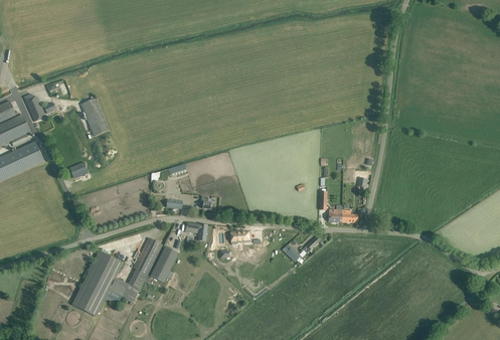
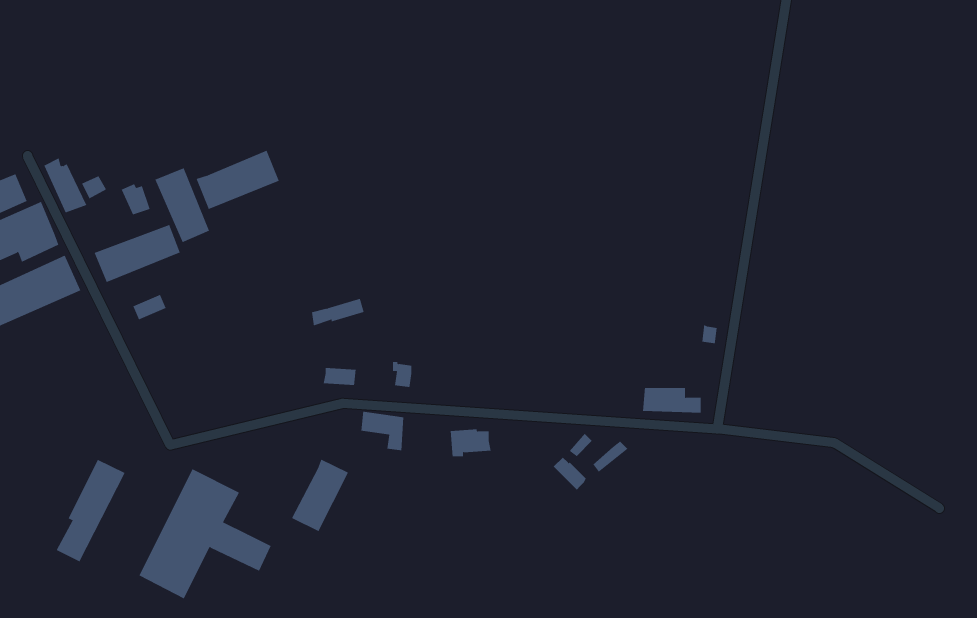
building: none -> [196,150,279,210]
building: none -> [94,224,180,283]
building: [127,236,162,289] -> [56,459,125,562]

